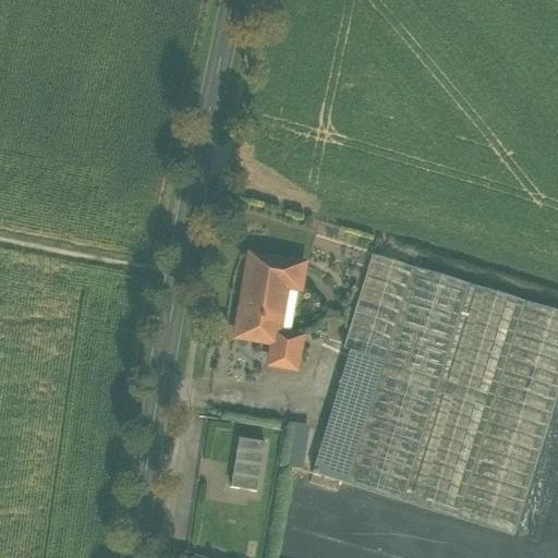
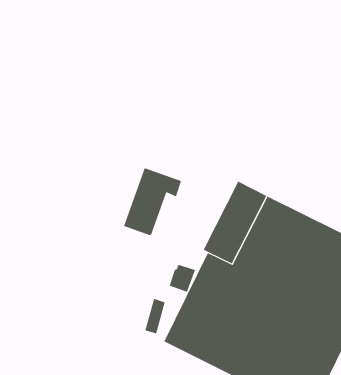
building: [270,333,301,367] -> [169,264,196,292]
building: [231,437,265,489] -> none

